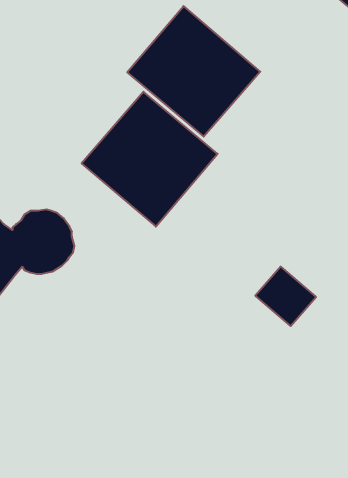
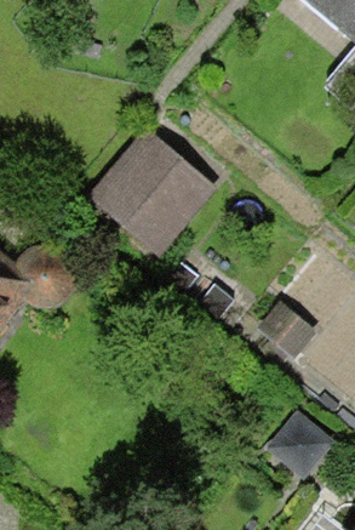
building: [127,6,260,137] -> none

